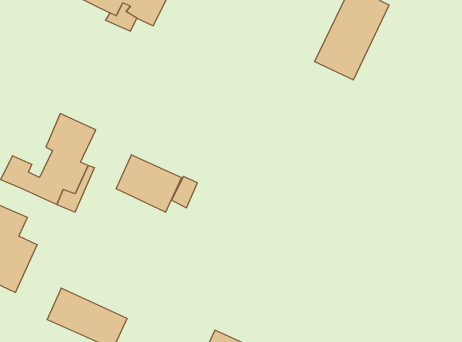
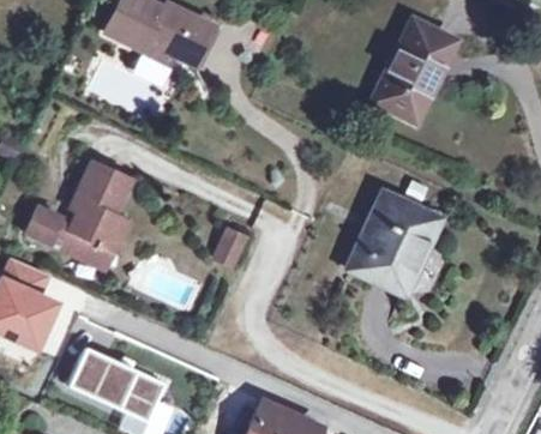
building: none -> [349,195,440,293]
building: [116,155,181,212] -> none

